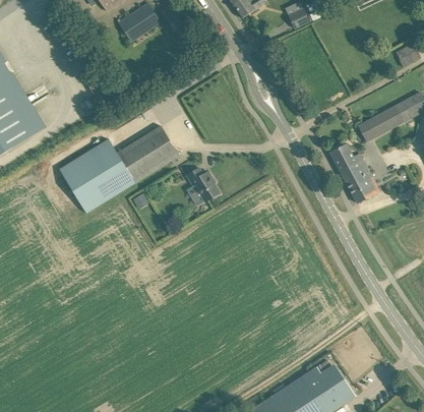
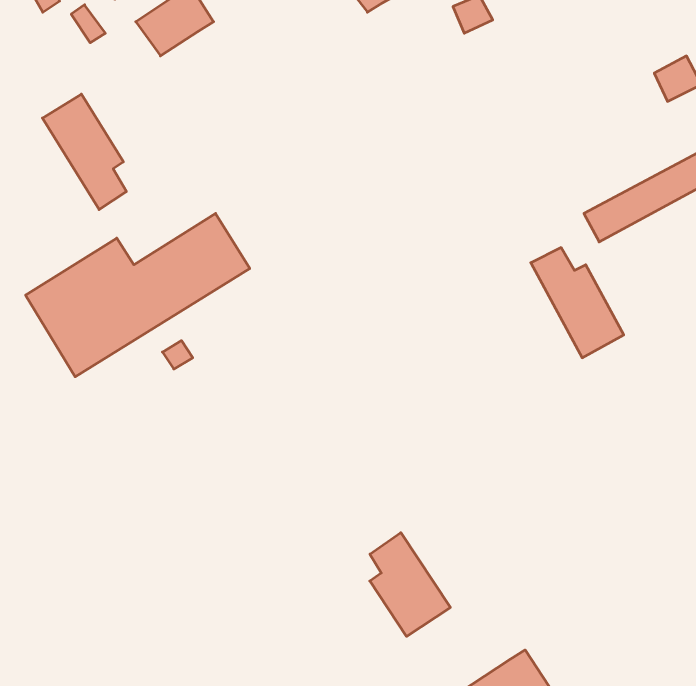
building: none -> [42,94,126,210]
building: [186,167,219,201] -> none
building: none -> [370,533,450,636]

